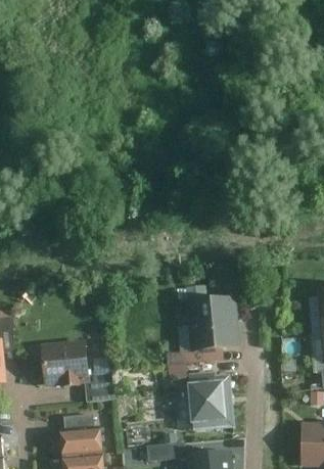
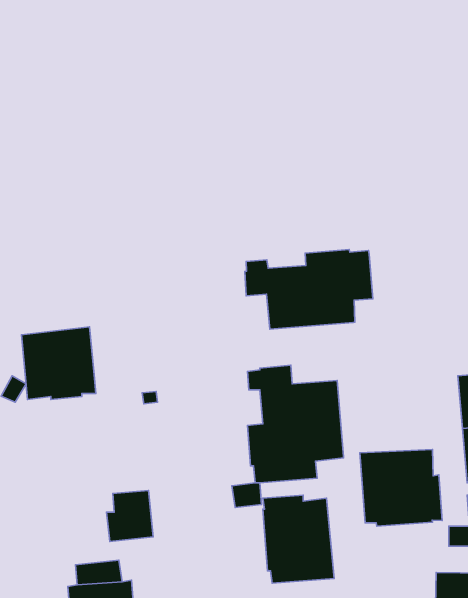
building: none -> [245,250,373,329]
building: [40,338,89,386] -> [21,327,96,400]
building: none -> [360,449,442,526]

